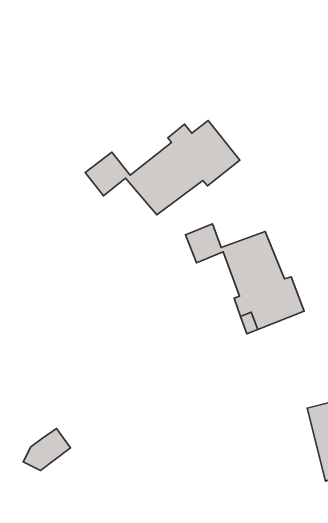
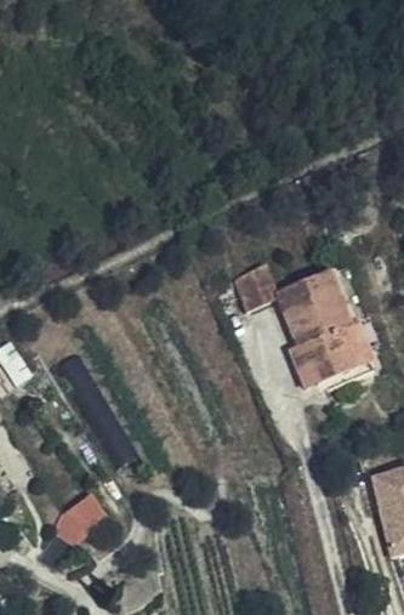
building: [85,121,240,215] -> none

